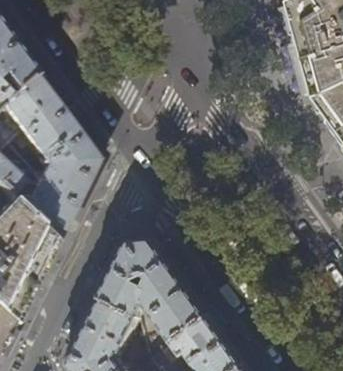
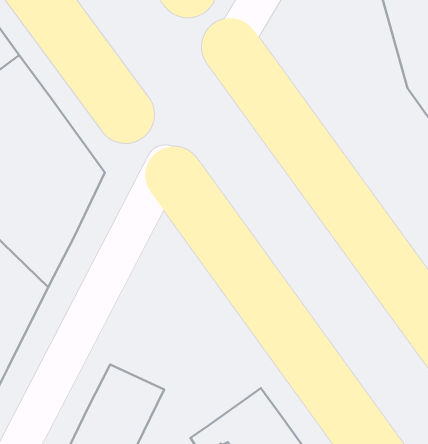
building: [98,237,207,341] -> none

